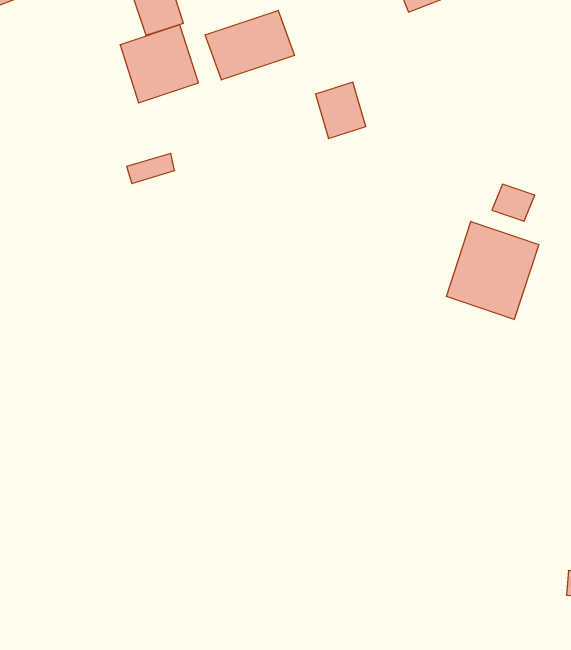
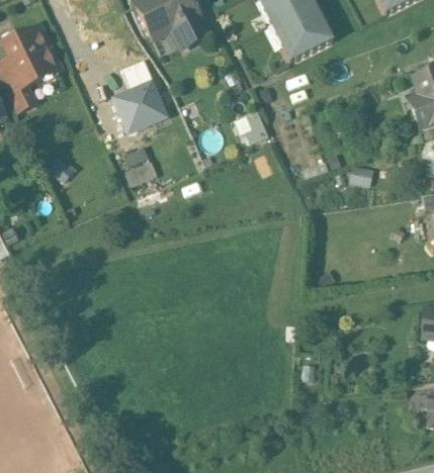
building: [205,10,294,80] -> none
building: [446,221,539,320] -> none

